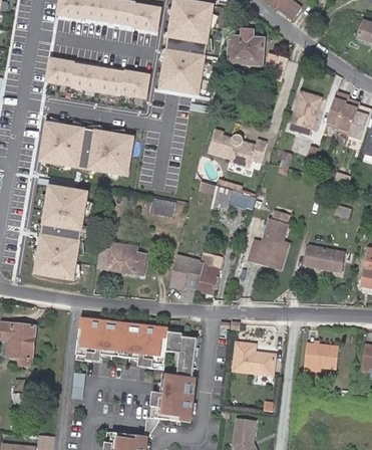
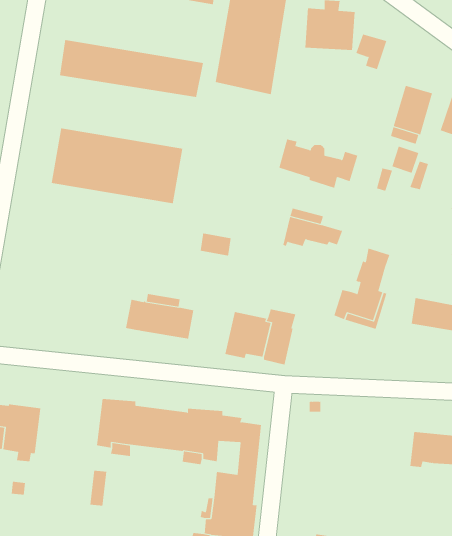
building: [37,186,91,281] -> none
building: [232,342,274,375] -> none

